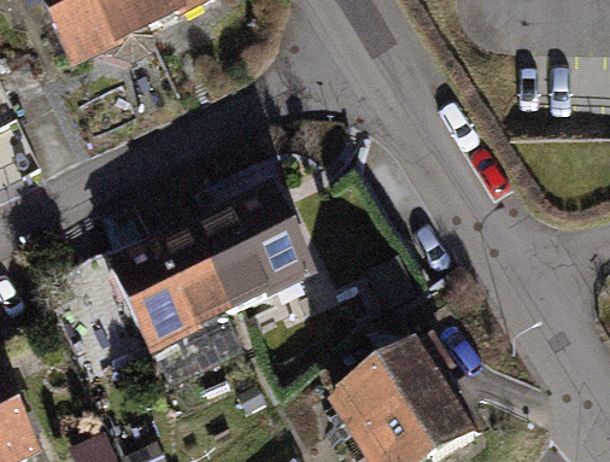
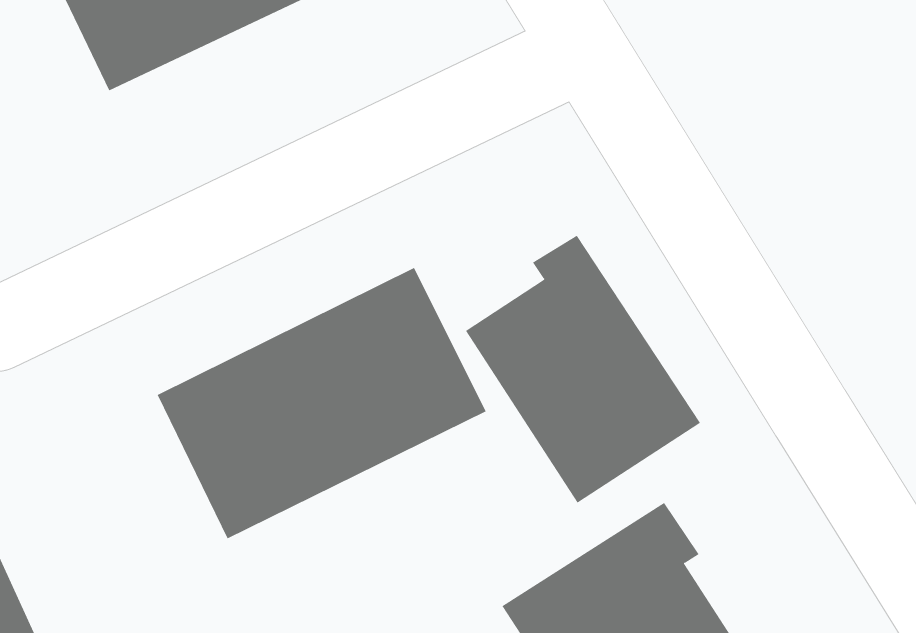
building: none -> [465,235,701,503]

